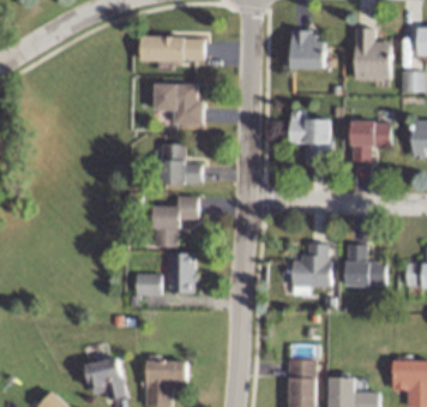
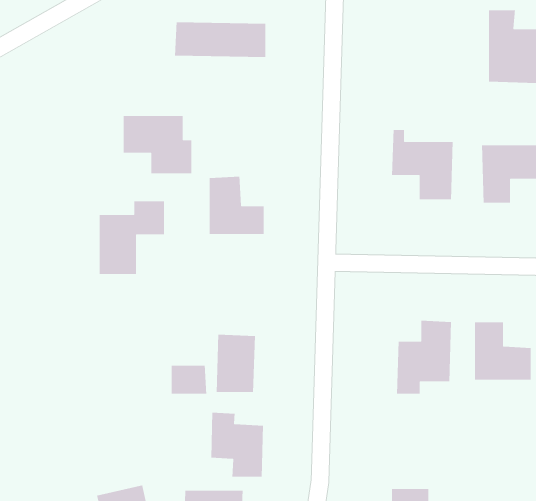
building: [290,30,324,68] -> none
building: [152,83,200,124] -> [123,115,192,174]
building: [151,196,197,247] -> [99,200,165,275]
building: none -> [210,412,264,478]

